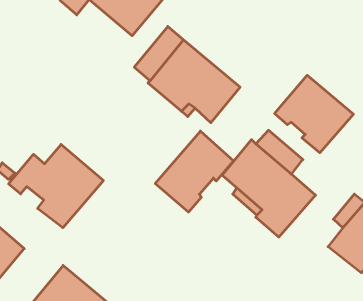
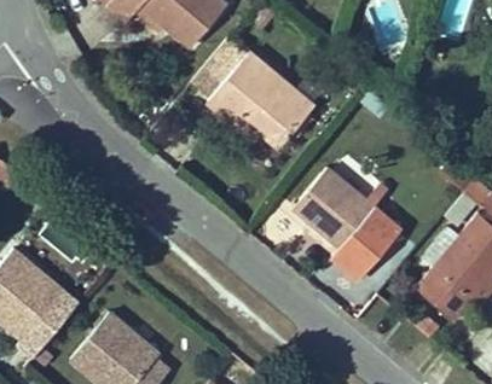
building: [275,75,353,153] -> none
building: [155,131,233,212] -> none
building: [9,144,103,228] -> none

